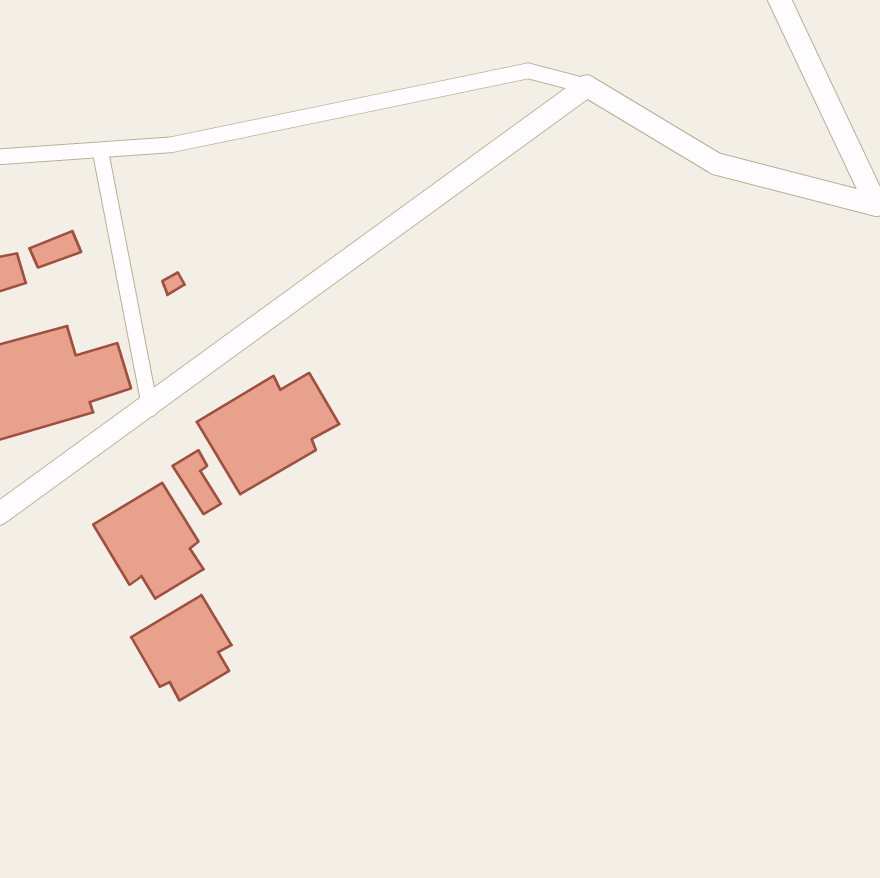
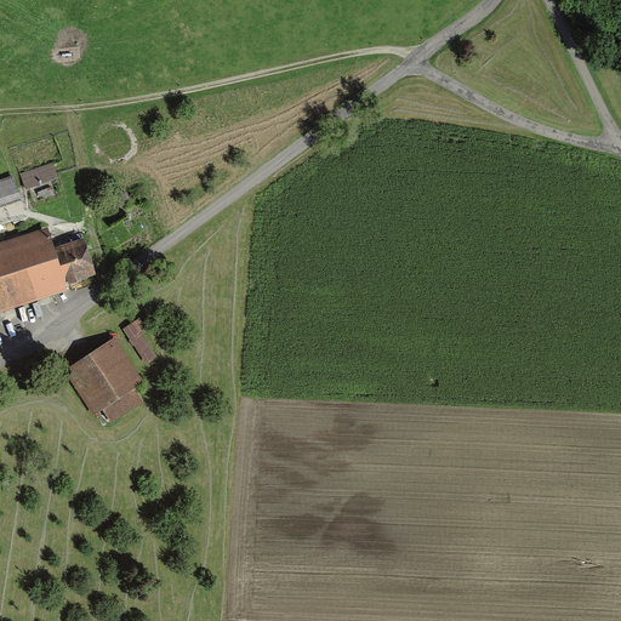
building: [197,373,339,494] -> none
building: [131,595,232,700] -> none

